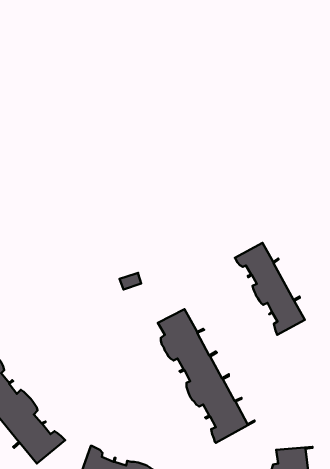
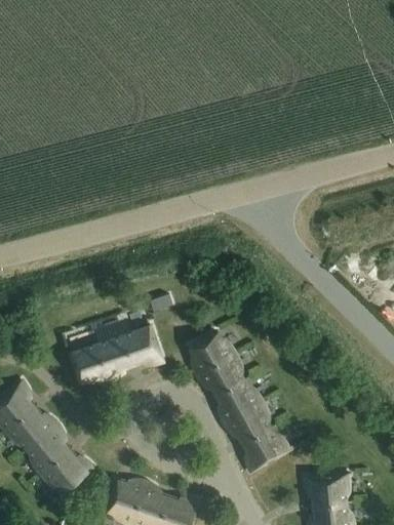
building: [235,243,305,335] -> none
building: none -> [72,318,163,381]

